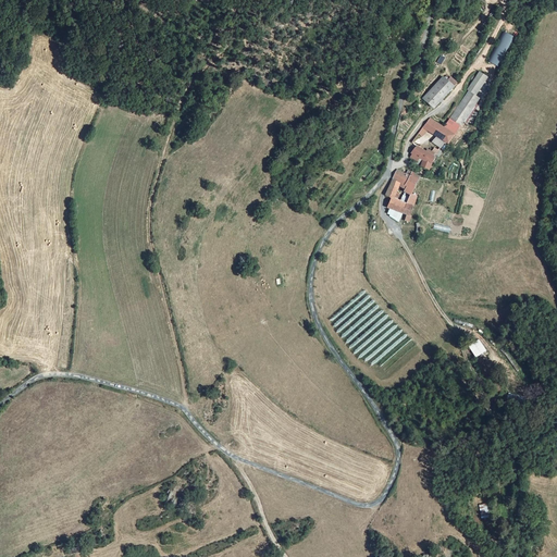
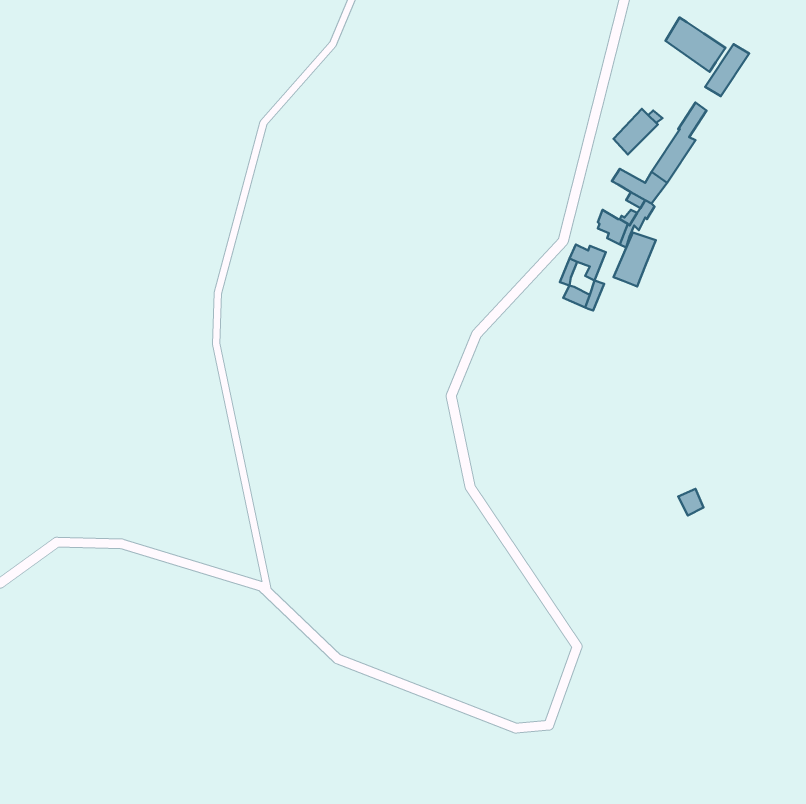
building: none -> [666,17,725,72]
building: none -> [614,232,656,286]

